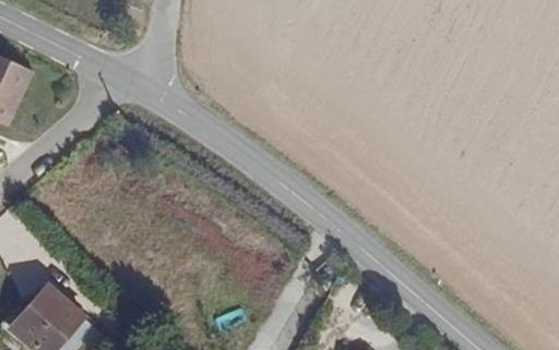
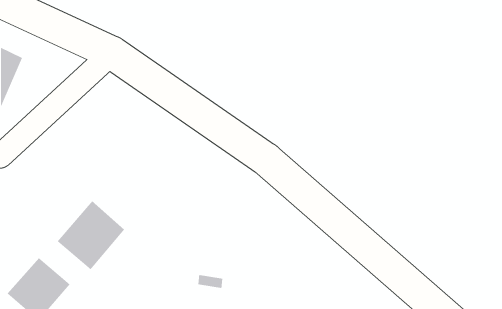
building: none -> [57,201,125,270]

